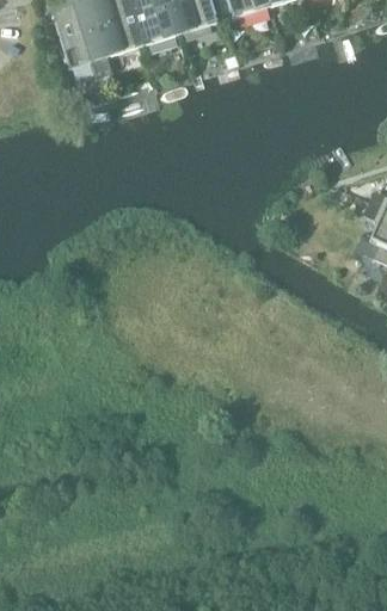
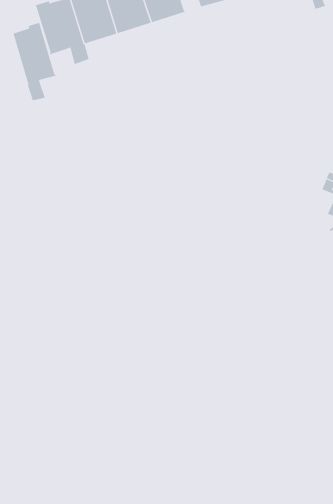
building: none -> [13,22,56,101]

